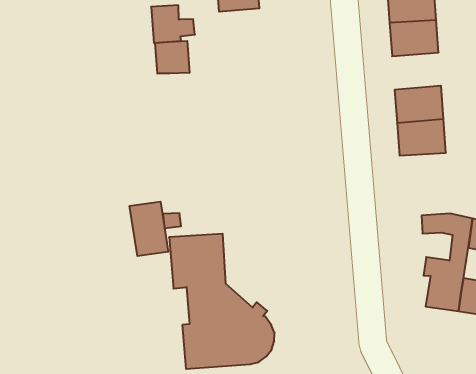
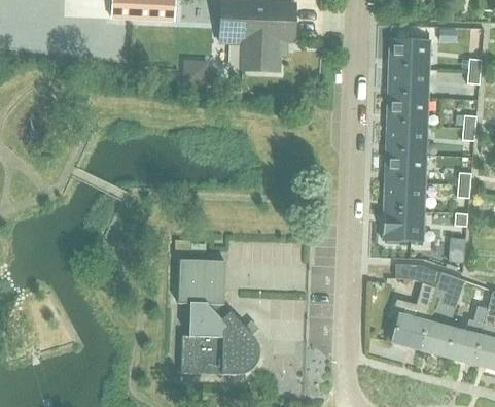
building: [155,41,189,74] -> none
building: none -> [386,124,427,154]
building: none -> [383,209,424,243]
building: [130,202,168,256] -> none

